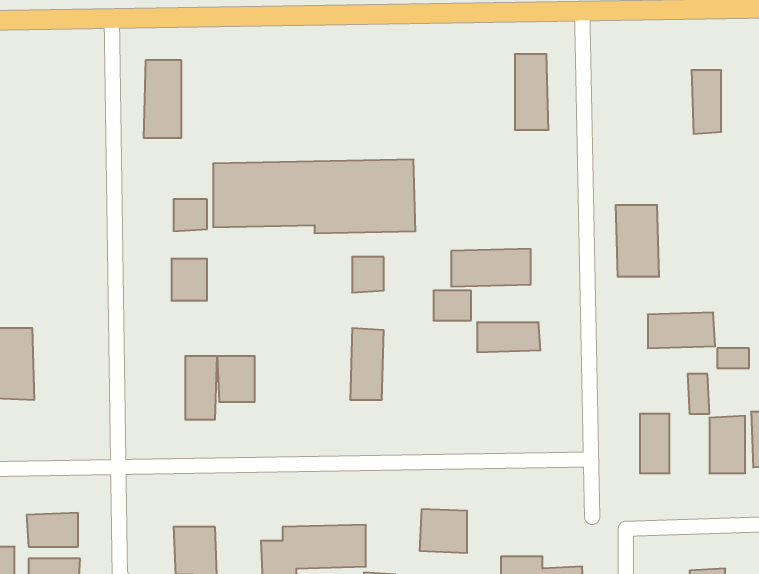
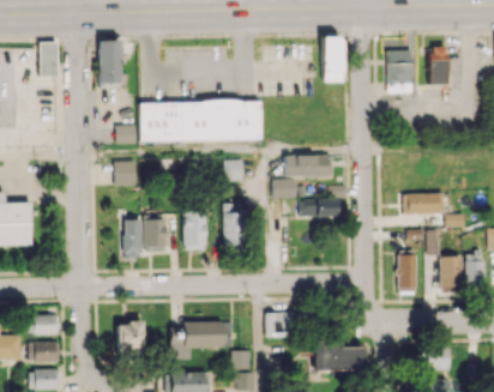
building: none -> [38,42,58,77]
building: [616,205,659,277] -> [386,50,412,94]
building: none -> [183,209,206,249]

